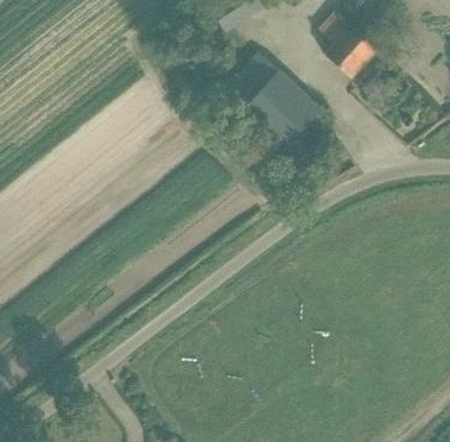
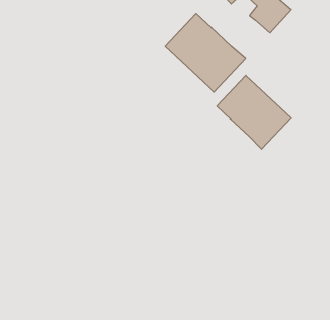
building: none -> [217,75,291,149]

